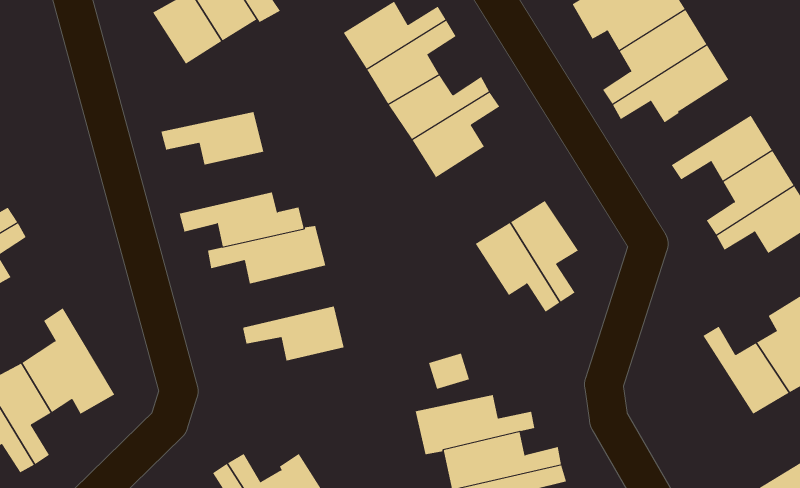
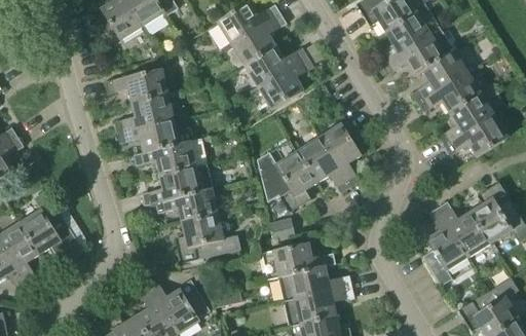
building: none -> [412,50,467,103]
building: none -> [114,95,174,133]
building: none -> [256,151,318,213]
building: none -> [142,164,212,206]
building: none -> [422,208,468,286]
building: none -> [175,215,240,263]

